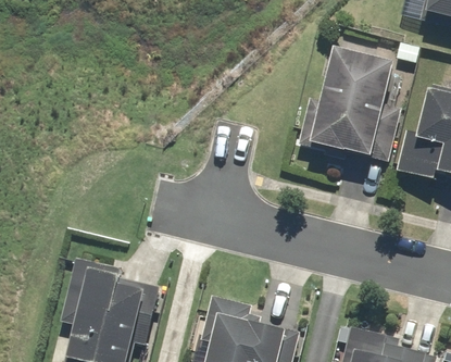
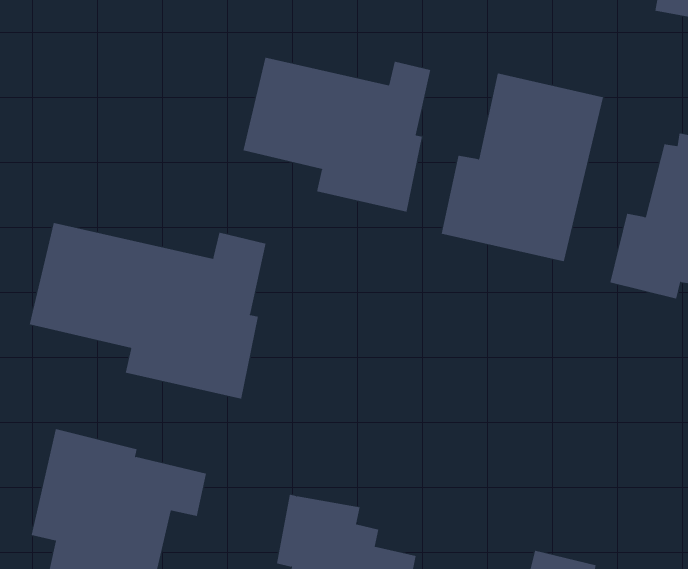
building: none -> [243,57,431,212]
building: none -> [29,222,266,400]

